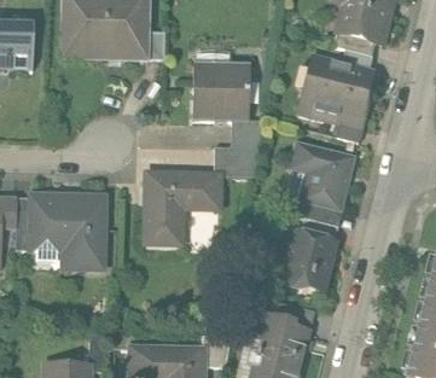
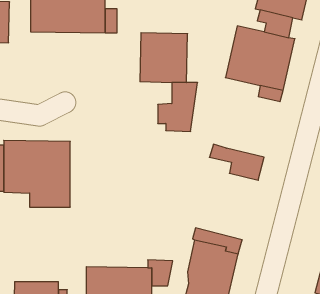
building: [287,139,357,210] -> none
building: [141,168,223,246] -> none
building: [277,226,342,293] -> none

